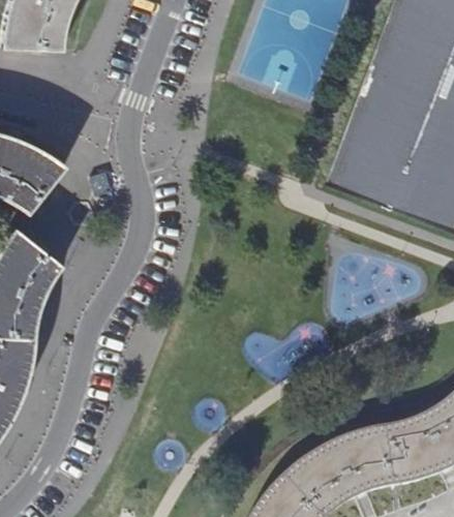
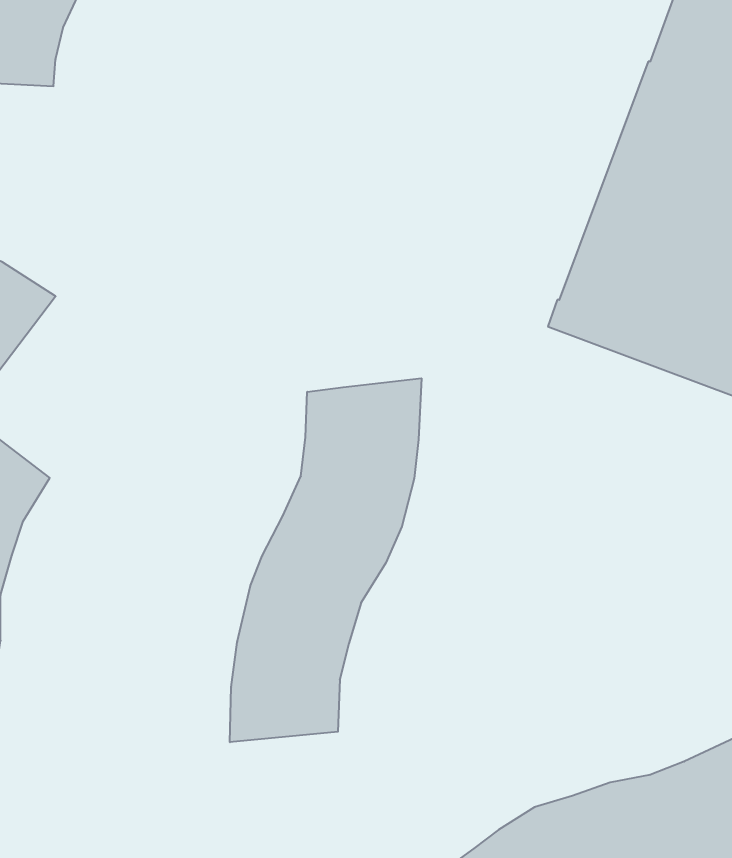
building: none -> [230,378,421,742]

